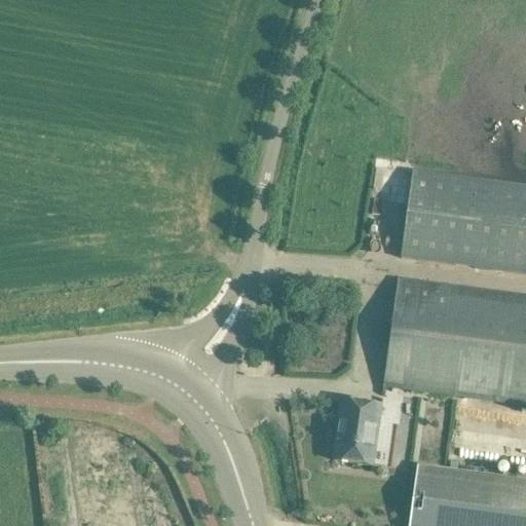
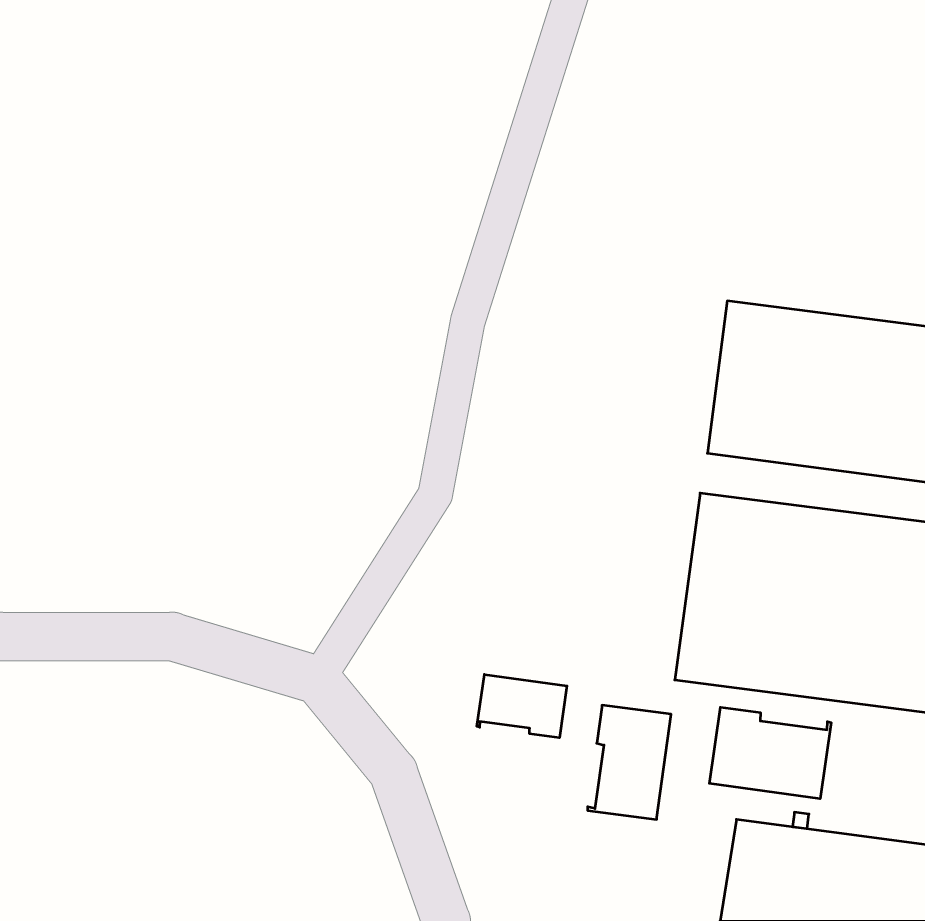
building: none -> [477,674,567,738]
building: none -> [709,707,831,799]

